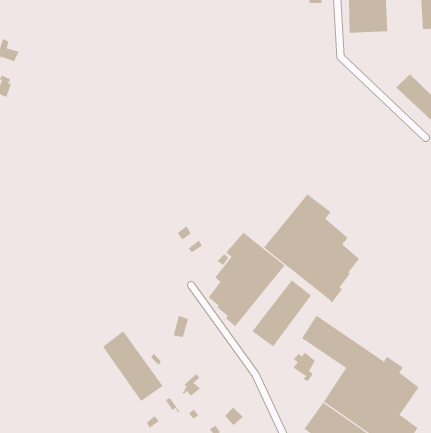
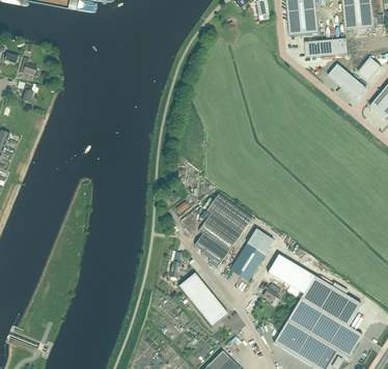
building: none -> [305,37,348,57]
building: [263,194,360,303] -> none
building: [102,331,163,402] -> [178,272,227,325]

